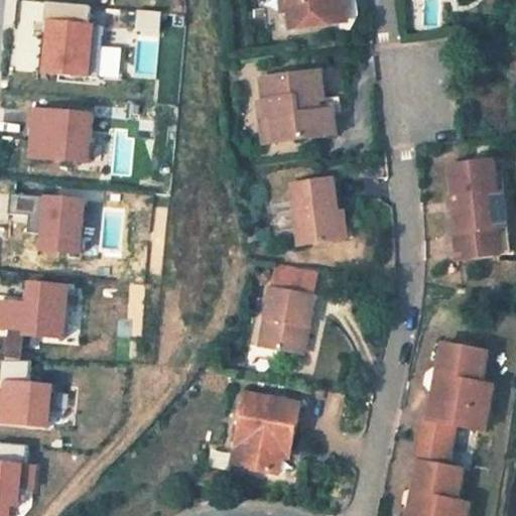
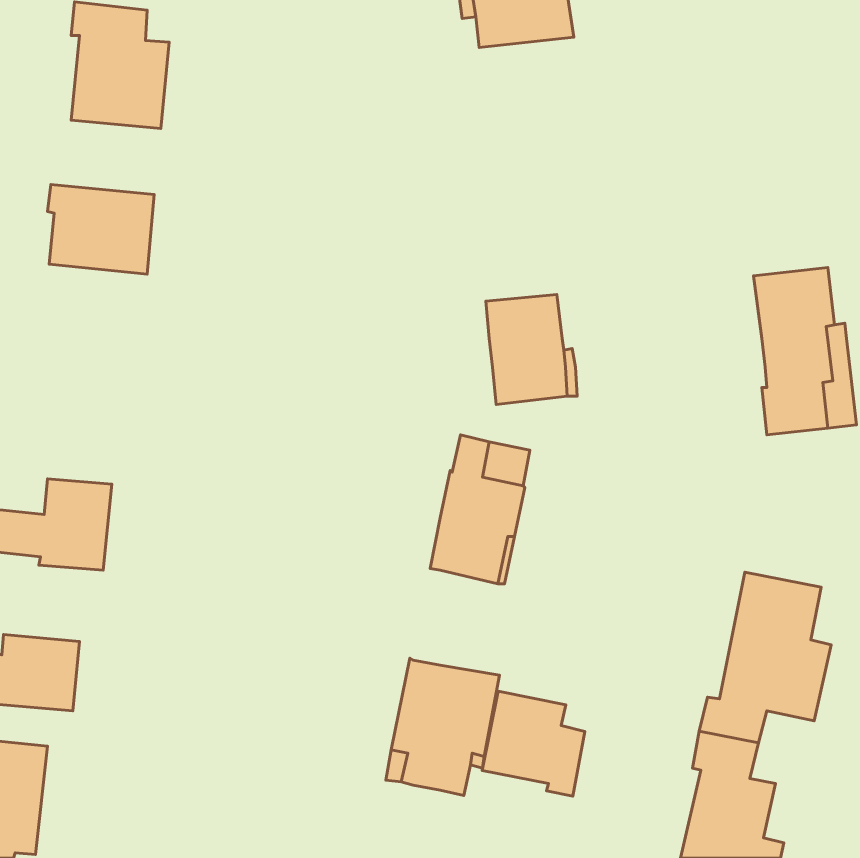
building: [256,70,336,141] -> none
building: [7,195,85,254] -> none
building: none -> [482,691,585,796]

